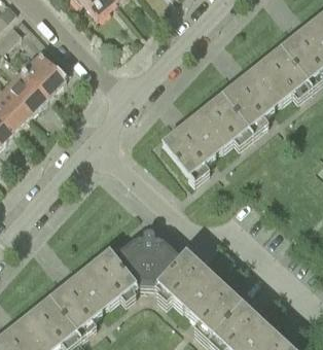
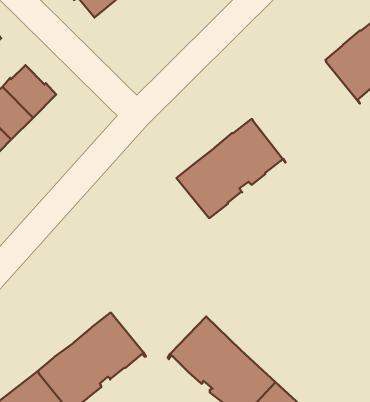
building: [222,51,310,134] -> none
building: [113,233,186,287] -> none

